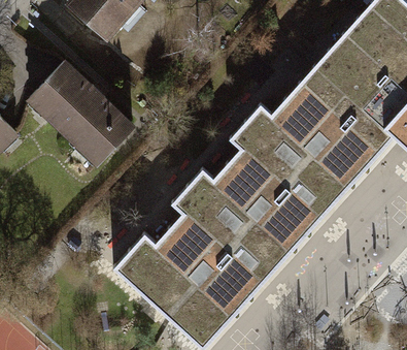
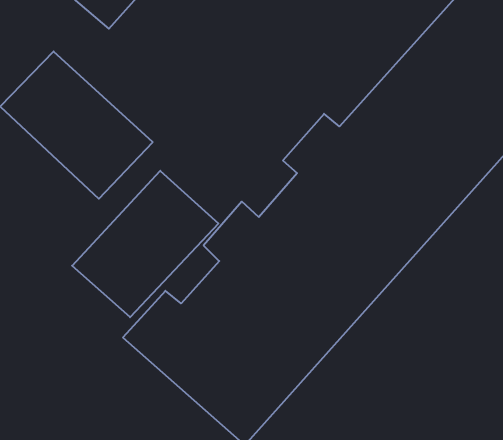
building: none -> [72,171,218,317]

